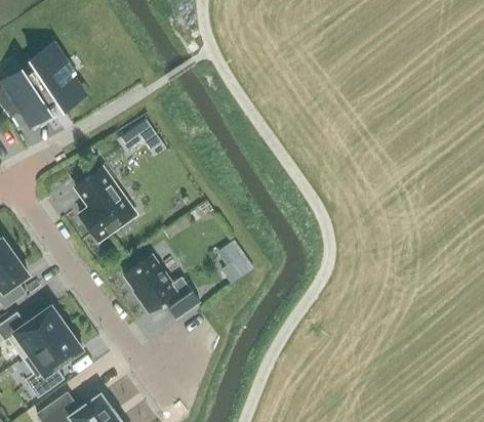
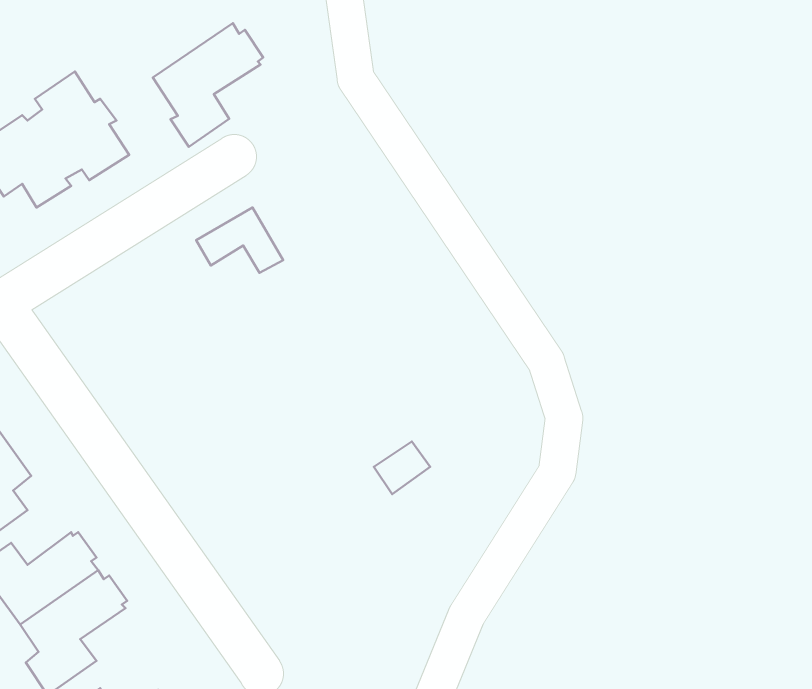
building: none -> [153,23,263,147]
building: [75,167,135,240] -> none
building: [123,254,199,319] -> none

